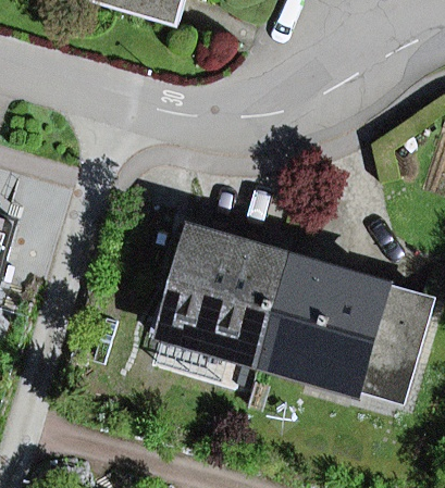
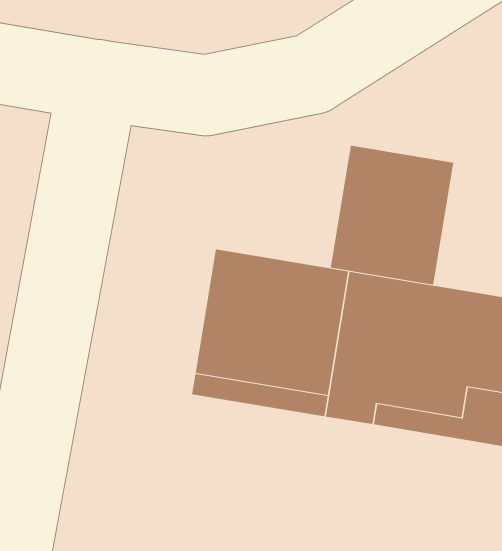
building: none -> [330,145,454,285]

